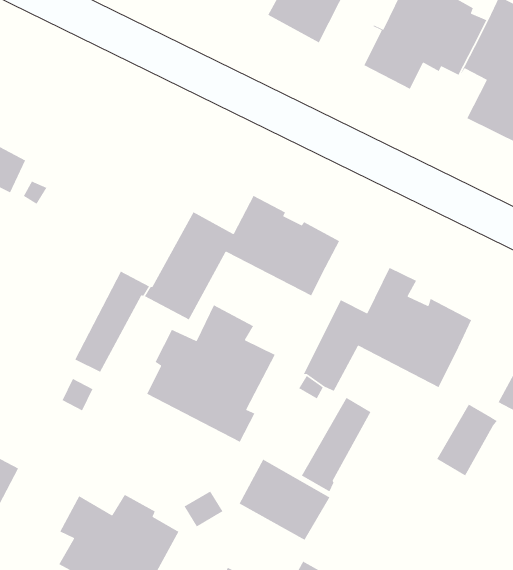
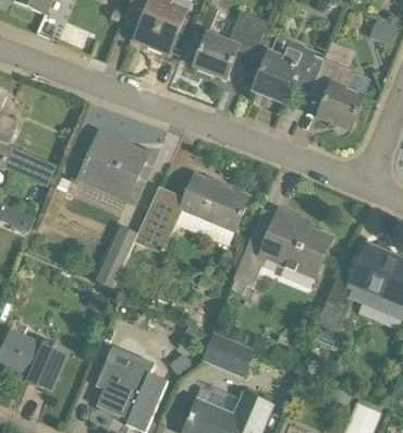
building: none -> [77,131,147,200]
building: [146,304,276,443] -> none
building: [301,397,371,492] -> none

